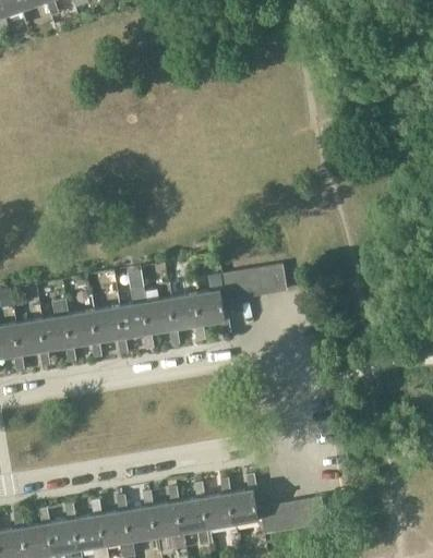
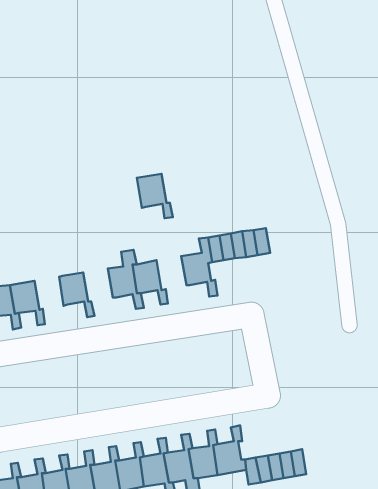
building: [167,294,205,341] -> [137,174,173,218]
building: [38,300,75,363] -> none
building: [89,307,127,354] -> none

